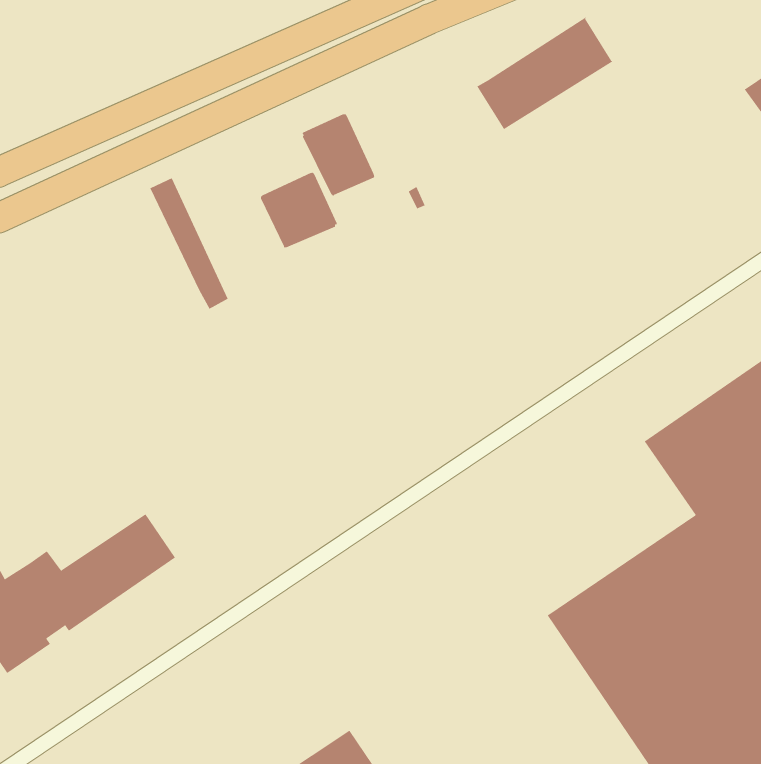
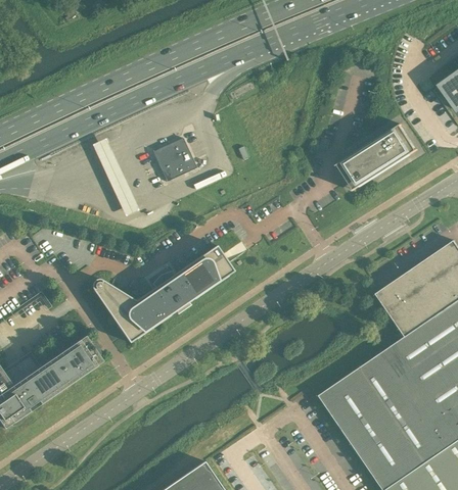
building: [475,17,614,131] -> [336,125,417,191]
building: [302,113,375,197] -> none
building: none -> [92,245,234,343]

